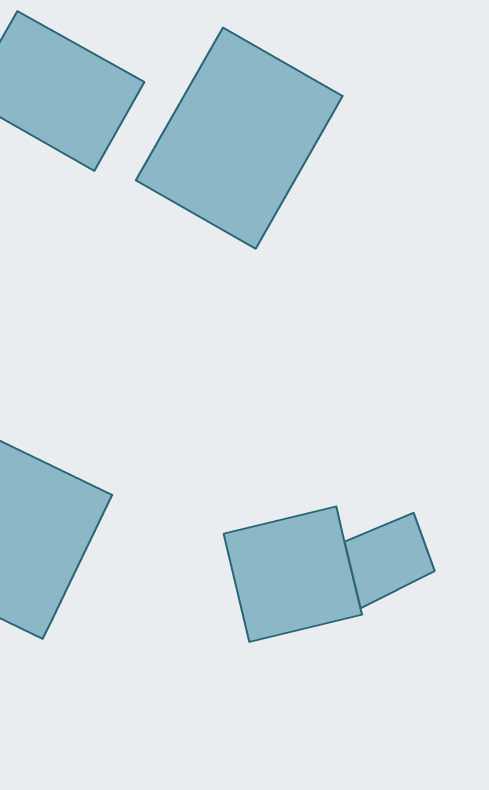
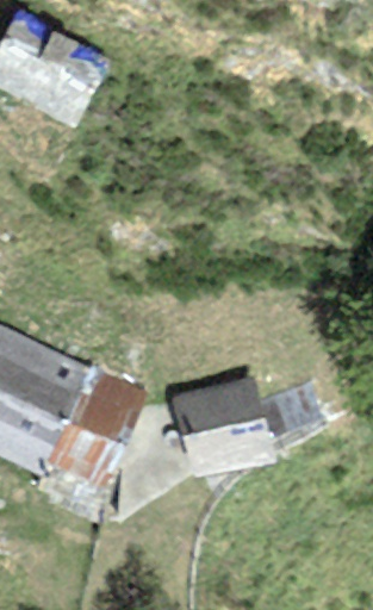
building: [136,28,343,249] -> none
building: none -> [43,367,148,487]

